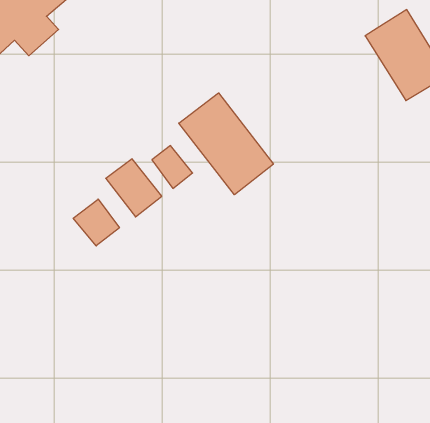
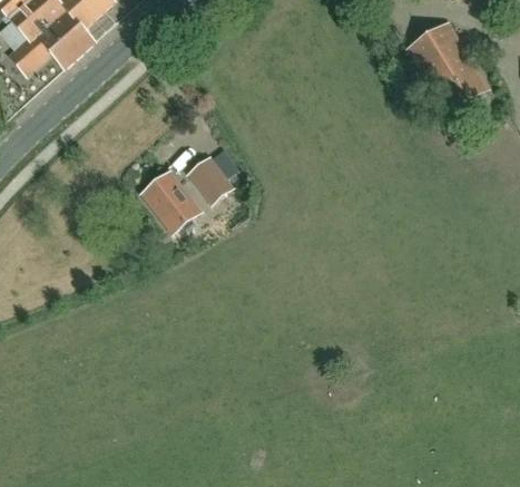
building: [179,93,273,195] -> none
building: [73,199,119,246] -> none

